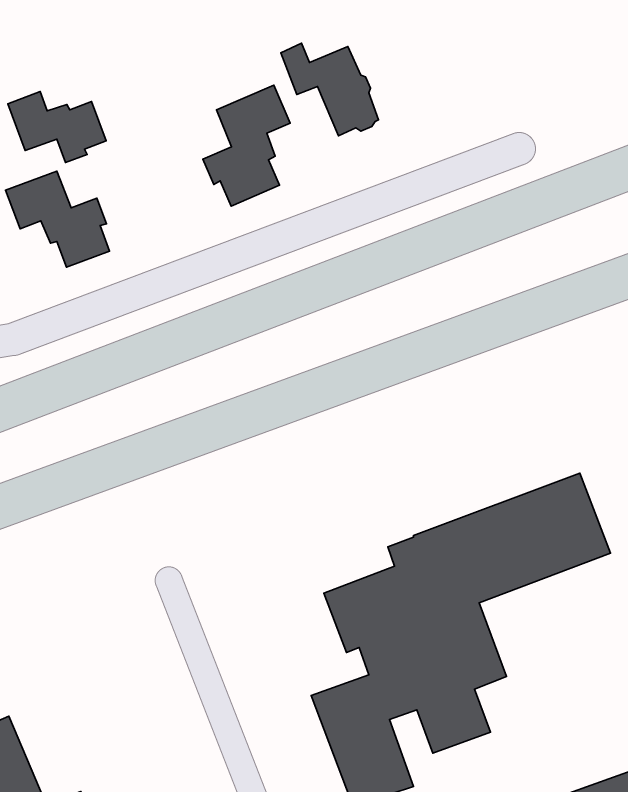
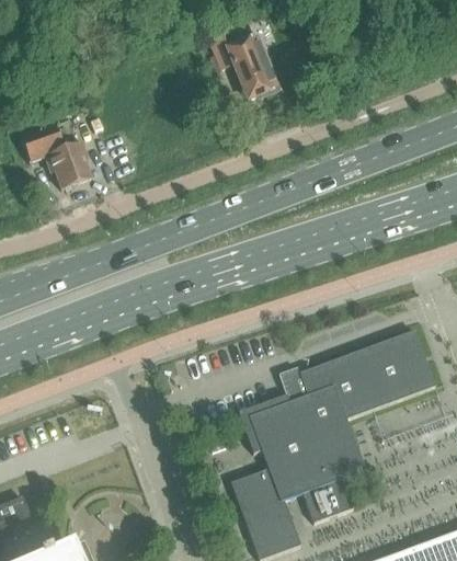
building: [203,85,290,206] -> none
building: [8,92,106,163] -> none

